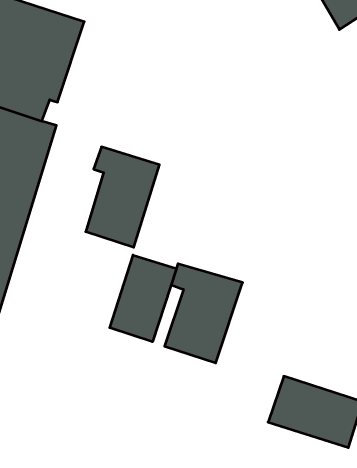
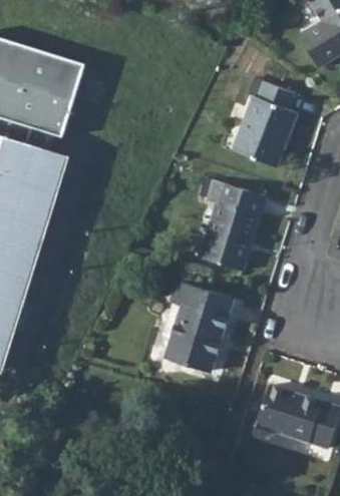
building: none -> [233,83,300,171]
building: [86,147,159,247] -> [197,180,263,271]
building: [110,255,176,342] -> none

